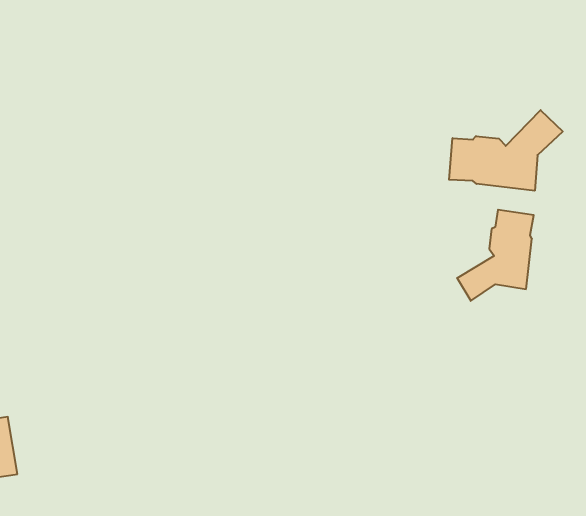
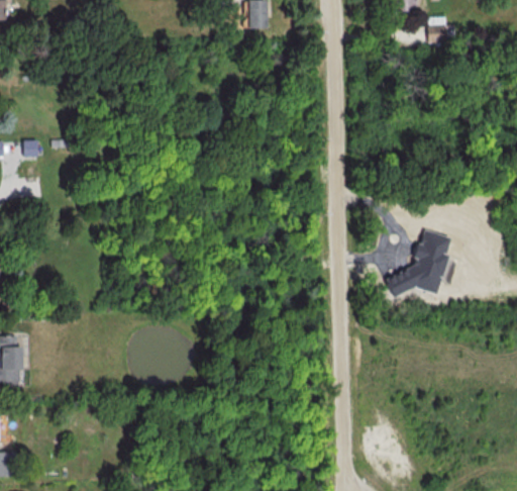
building: [449,110,563,191] -> none

